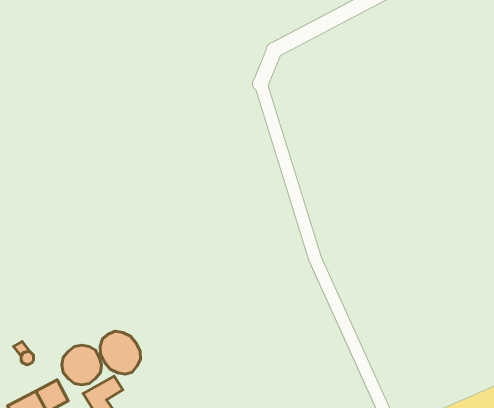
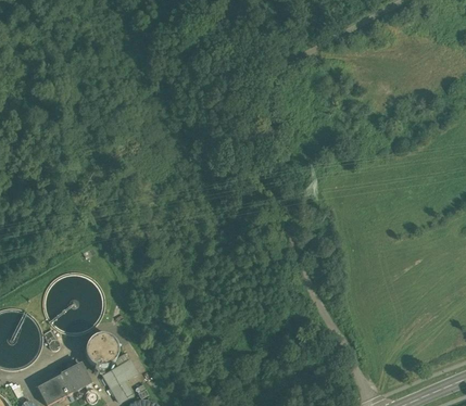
building: [100,331,141,374] -> none

